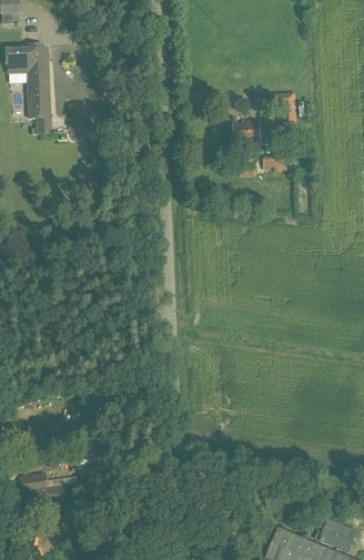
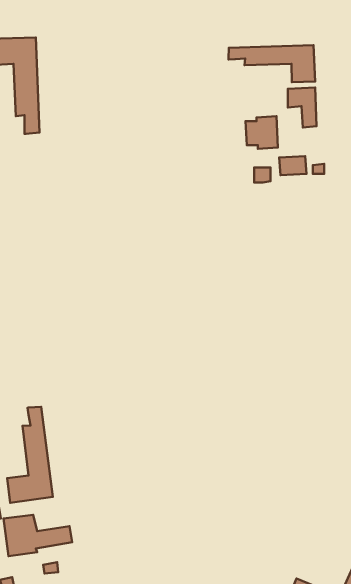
building: none -> [228,45,315,82]
building: none -> [7,407,53,503]

